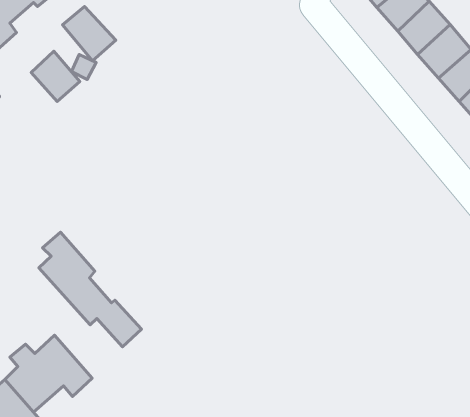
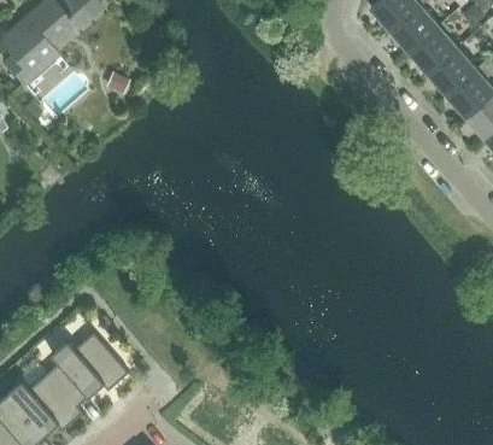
building: [63,7,116,61] -> none
building: [31,51,80,102] -> none
building: [39,232,142,347] -> none

